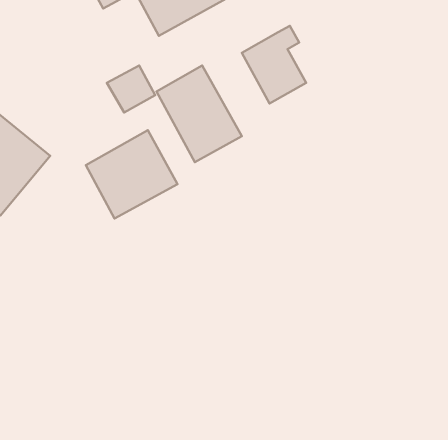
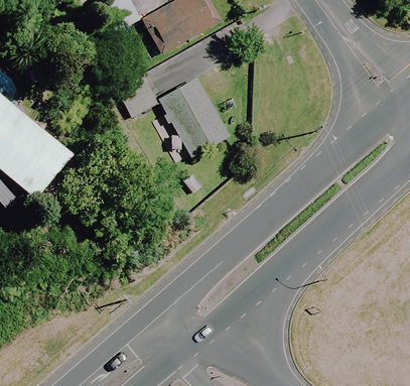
building: [242,26,306,103] -> none
building: [86,130,178,218] -> none

